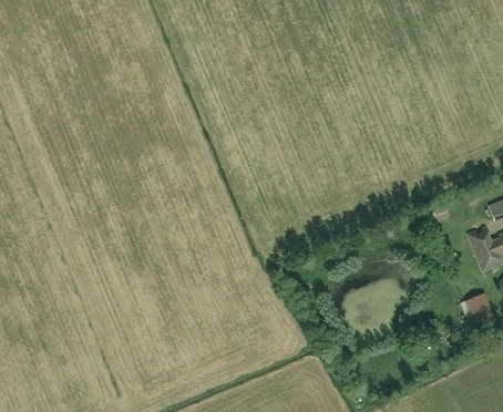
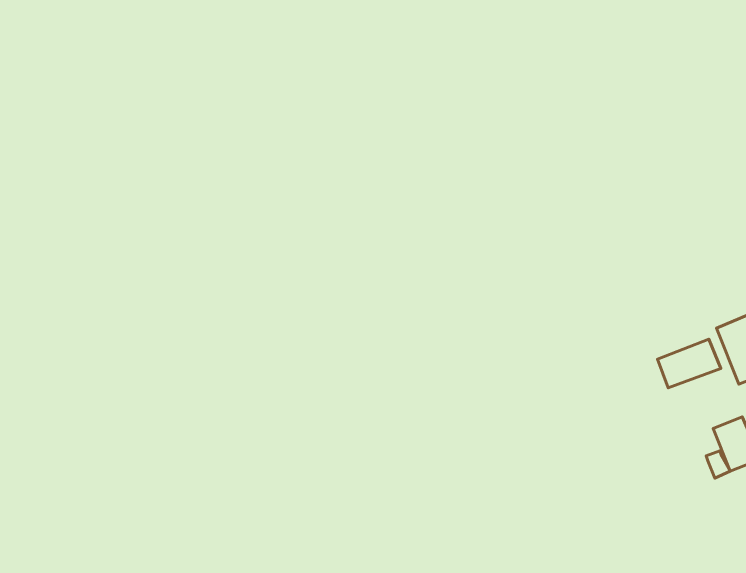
building: none -> [657,339,721,388]

